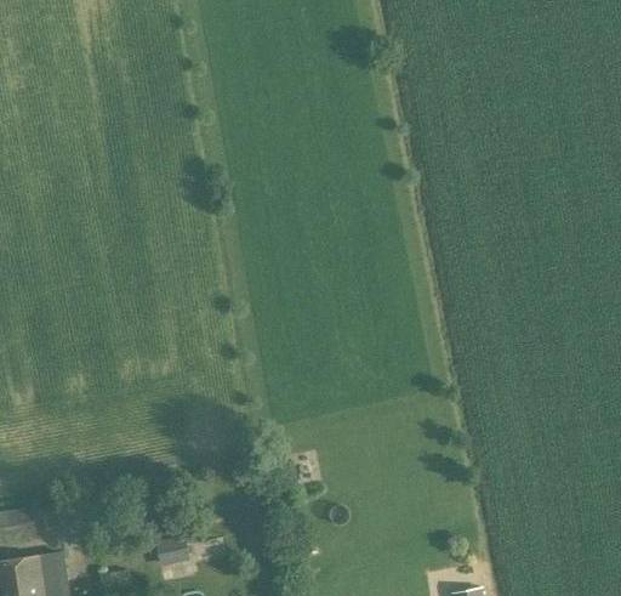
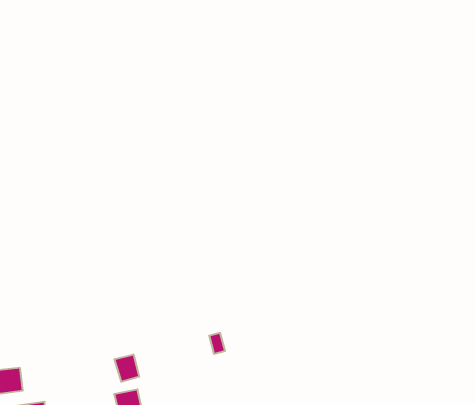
building: none -> [115,354,139,382]

